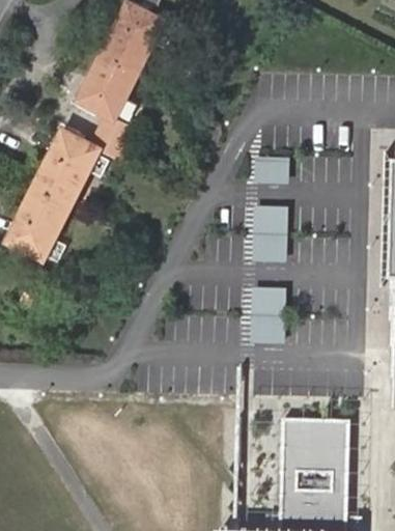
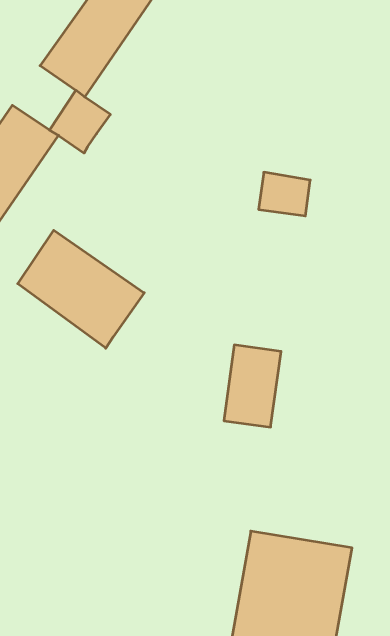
building: [250,203,288,260] -> none
building: none -> [18,230,144,348]

